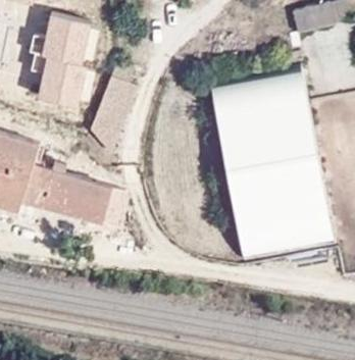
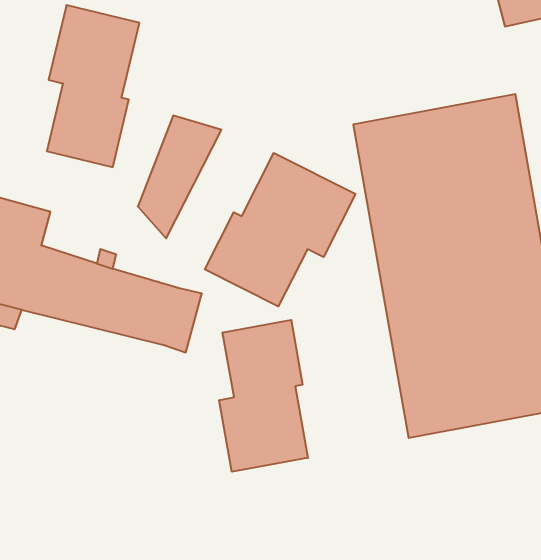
building: none -> [205,153,355,306]
building: none -> [219,320,308,472]

